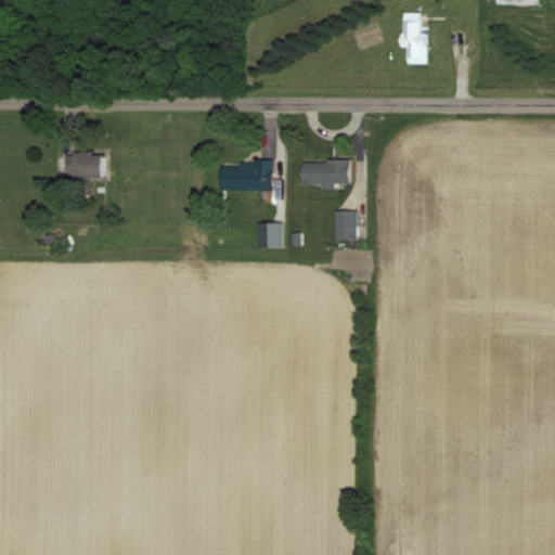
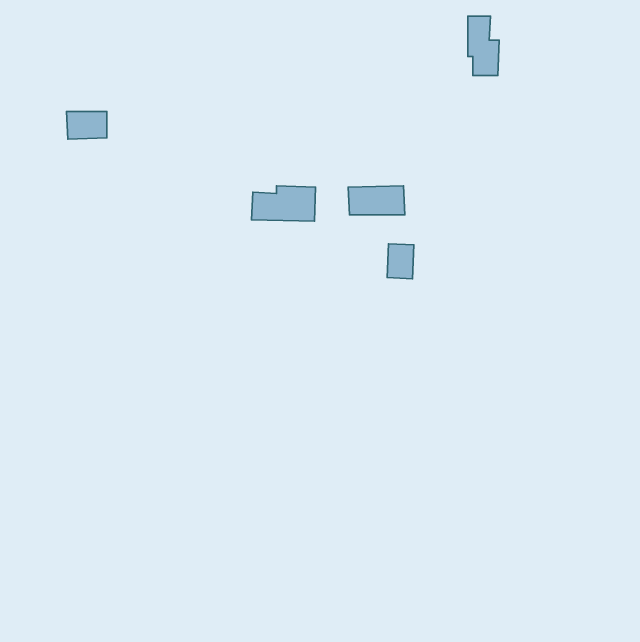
building: [70,154,105,178] -> [67,112,107,139]
building: [257,222,282,247] -> none

